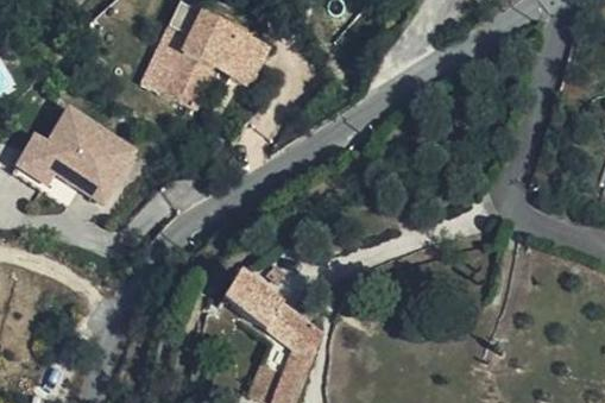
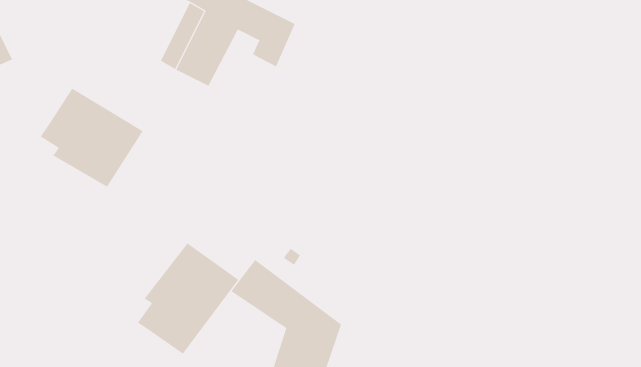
building: [8,128,55,190] -> none
building: none -> [137,242,239,354]

